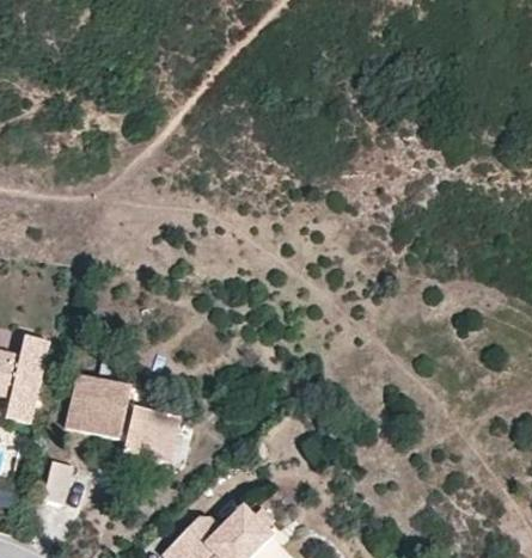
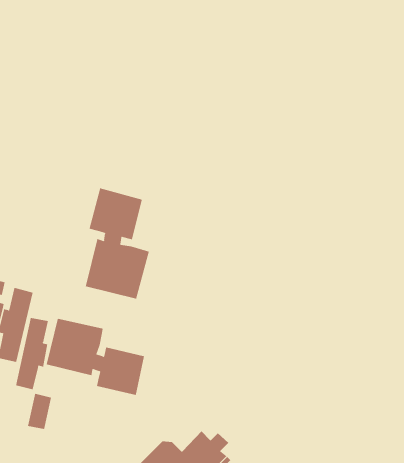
building: none -> [85,187,149,299]
building: none -> [16,317,48,390]

